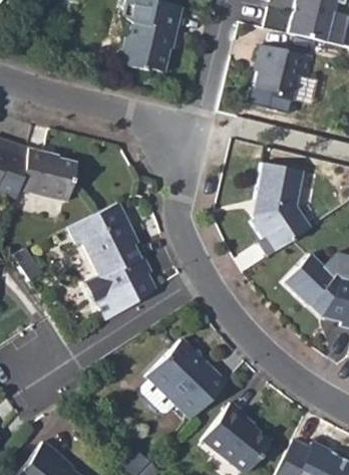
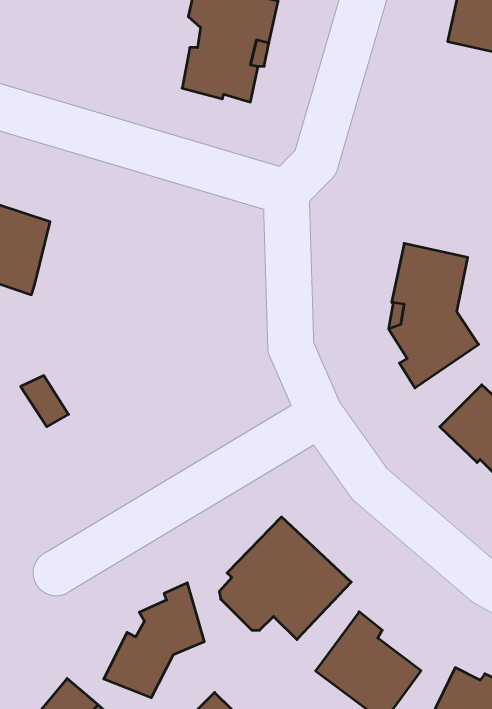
building: [247,44,311,113] -> none
building: [23,149,81,203] -> none
building: [73,204,157,319] -> none
building: none -> [104,583,204,698]

